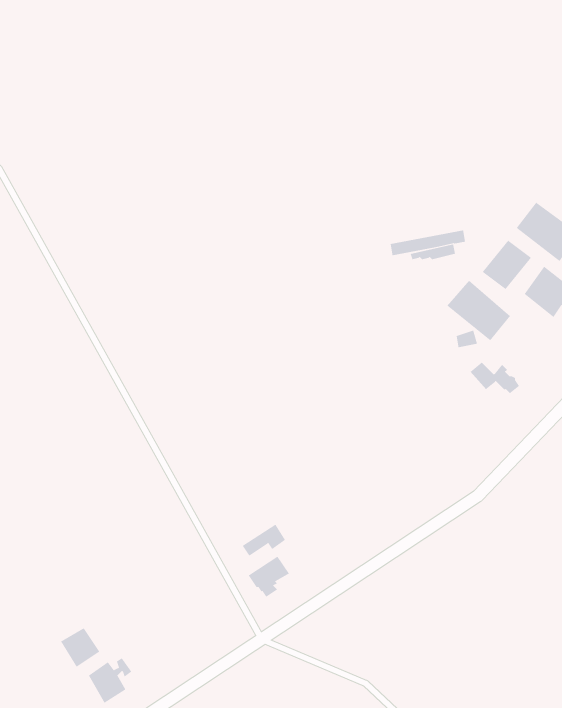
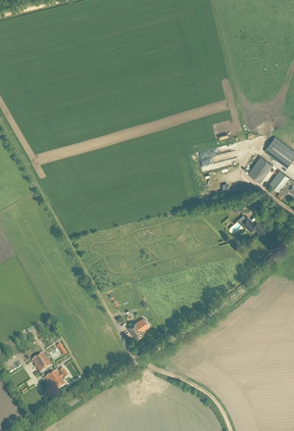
building: [447,280,511,341] -> none

